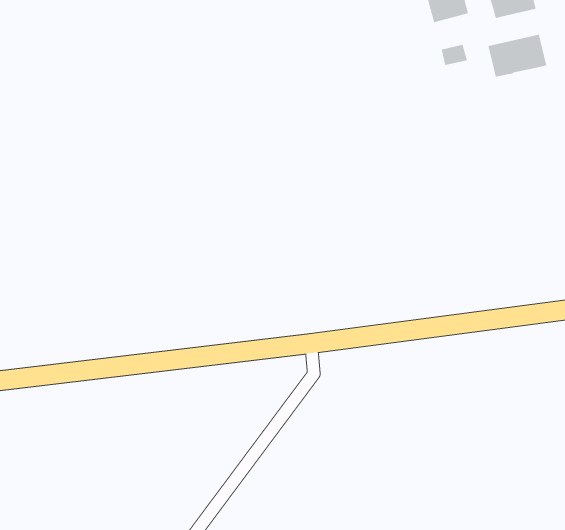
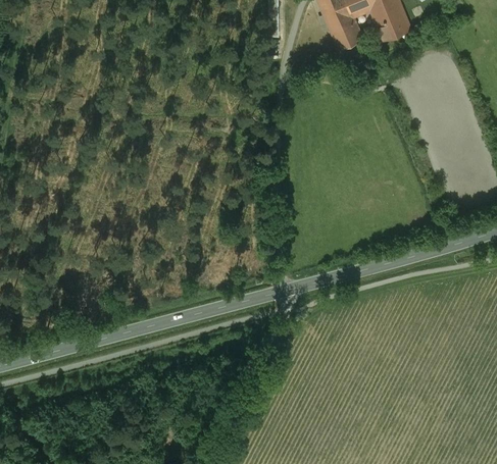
building: [488,34,547,78] -> none

